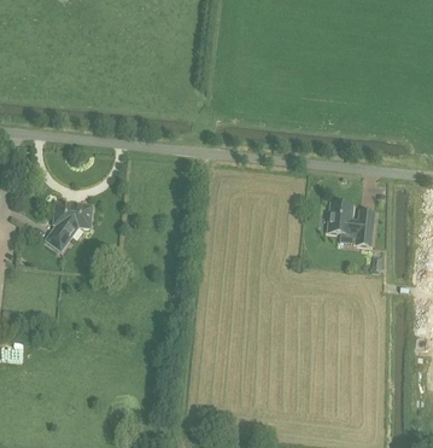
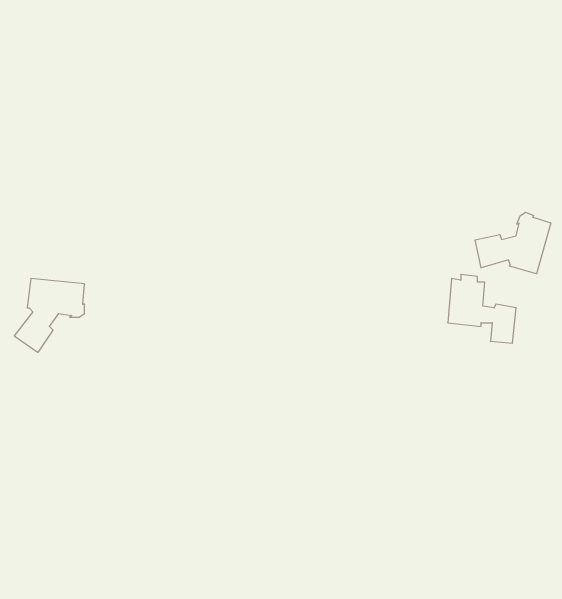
building: none -> [475,212,551,274]

